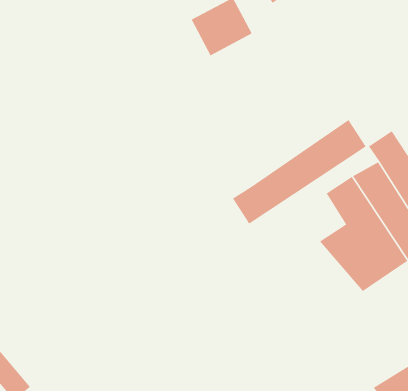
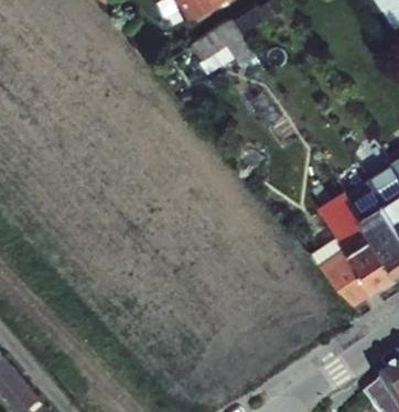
building: [232,119,366,225] -> none

